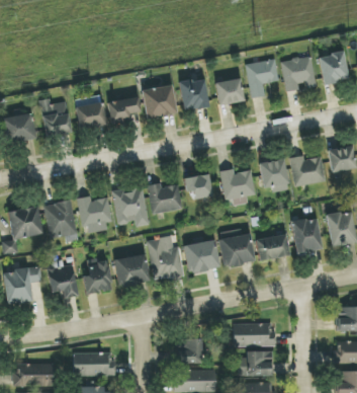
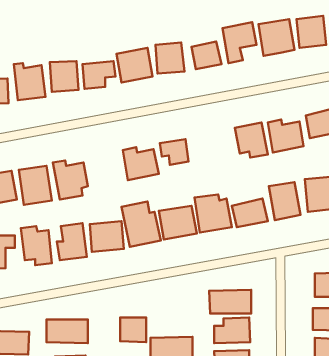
building: [220,169,255,206] -> none
building: [112,187,149,227] -> none
building: [176,339,201,364] -> [120,318,146,342]

